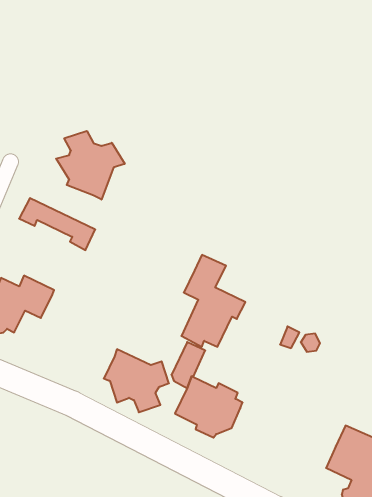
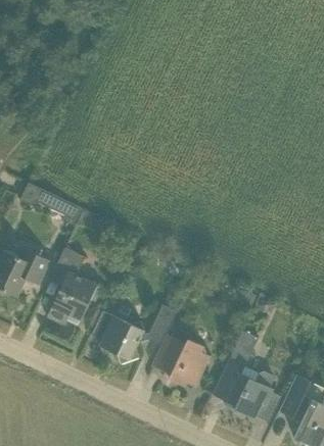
building: [56,131,125,200] -> none
building: [181,255,245,347] -> [48,248,102,326]
building: none -> [213,331,275,419]

